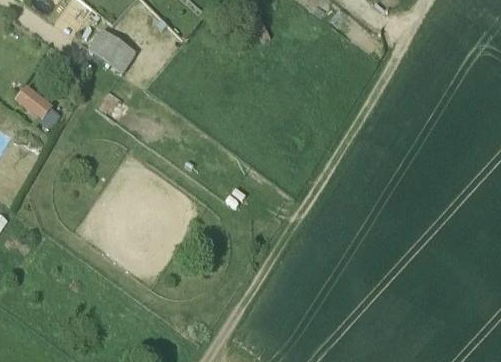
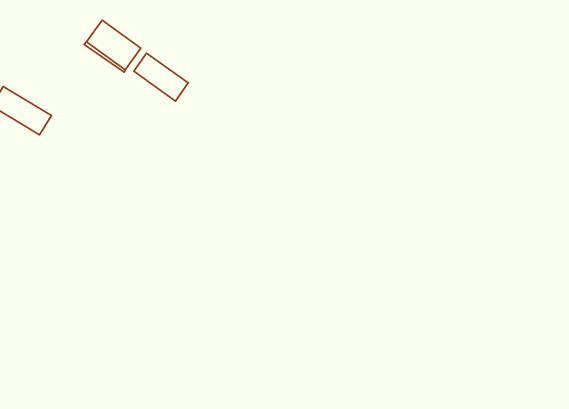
building: none -> [134,53,188,101]

